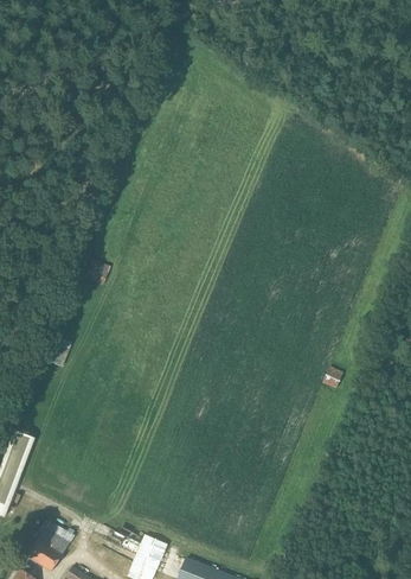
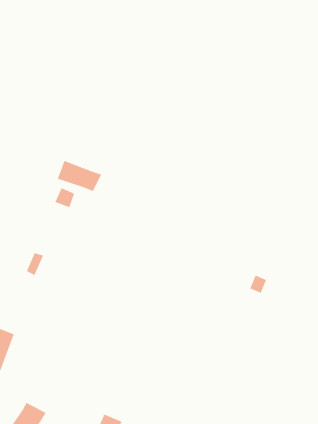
building: none -> [57,160,102,192]

